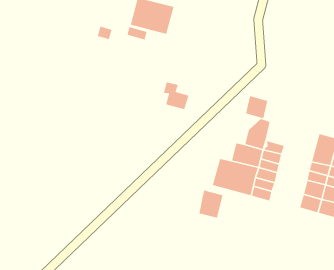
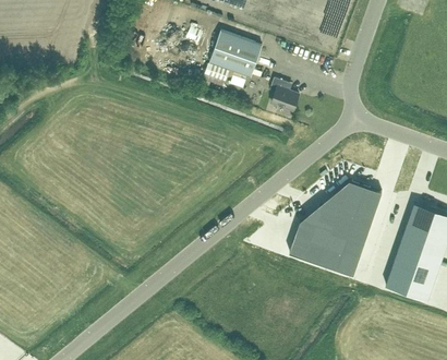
building: [163,82,189,110] -> [269,77,299,111]
building: [245,95,268,119] -> [354,183,382,212]
building: [198,190,224,219] -> none

